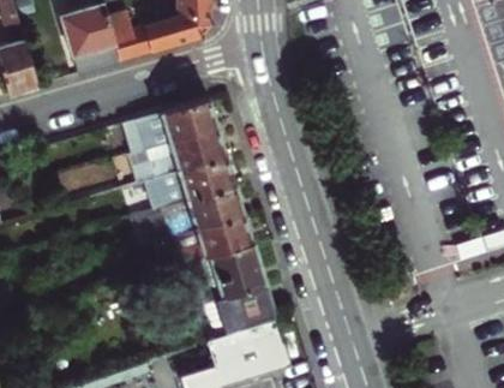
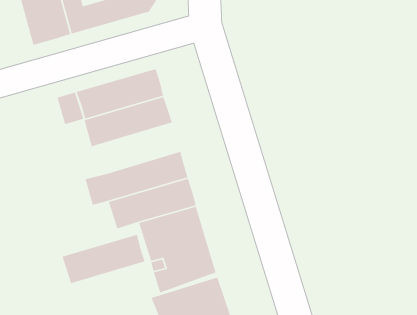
building: [145,156,235,210] -> [61,234,145,284]

